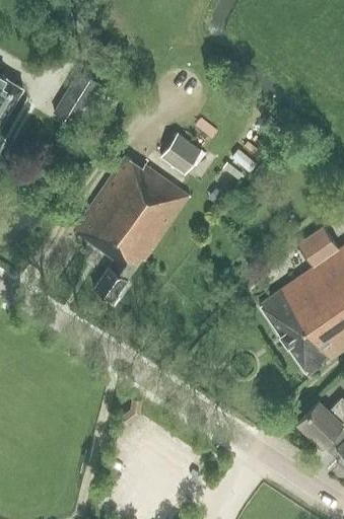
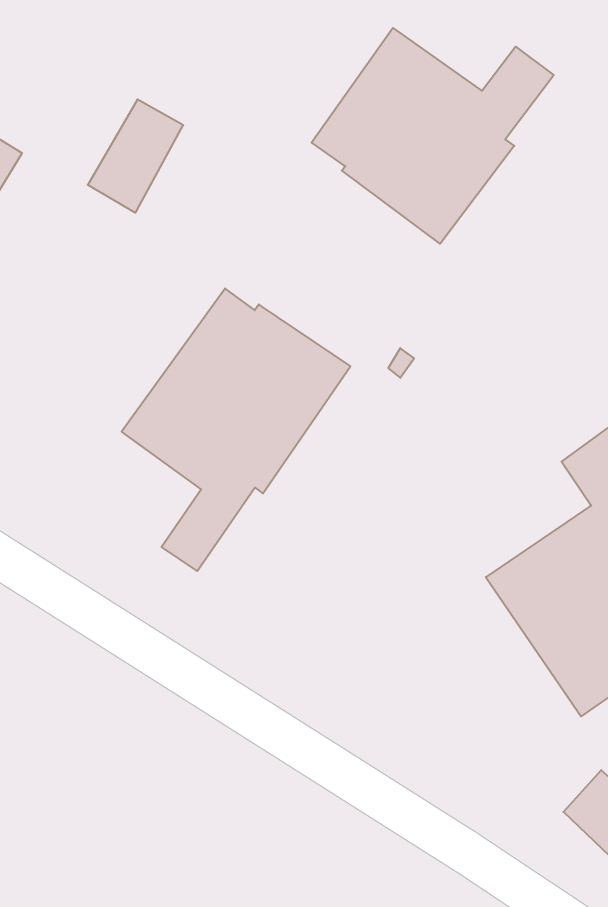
building: none -> [312,28,554,244]
building: [161,133,202,173] -> none

